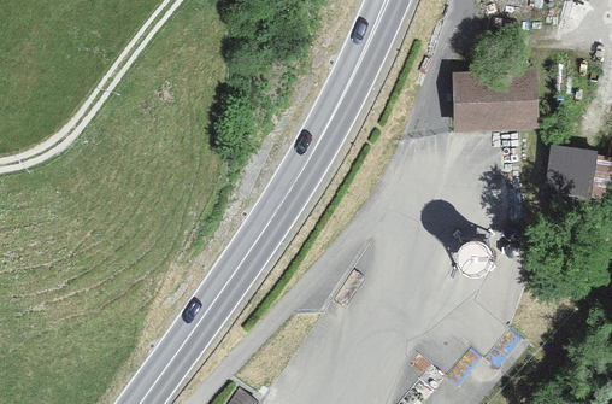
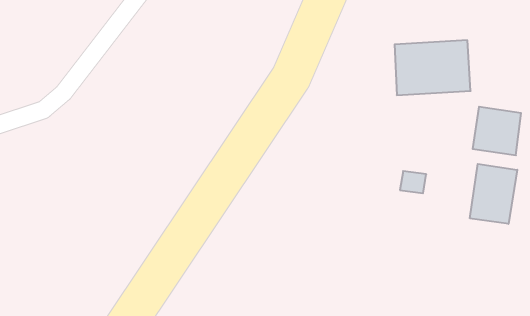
building: none -> [470,164,517,224]

